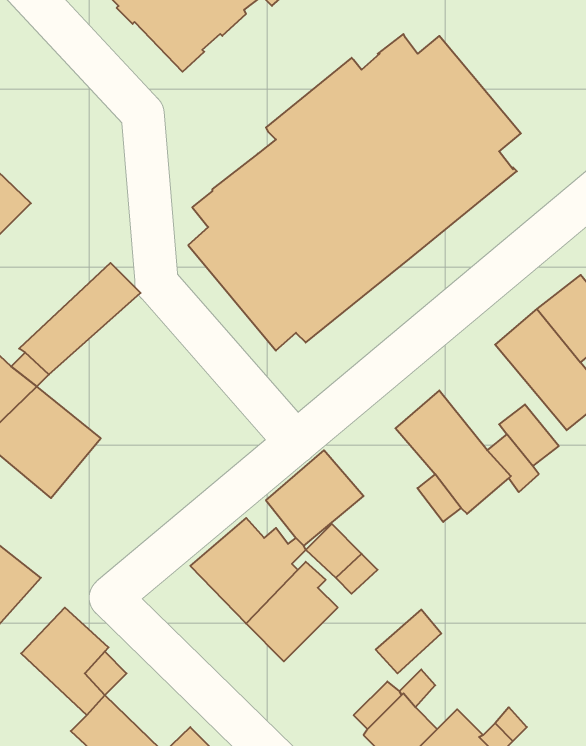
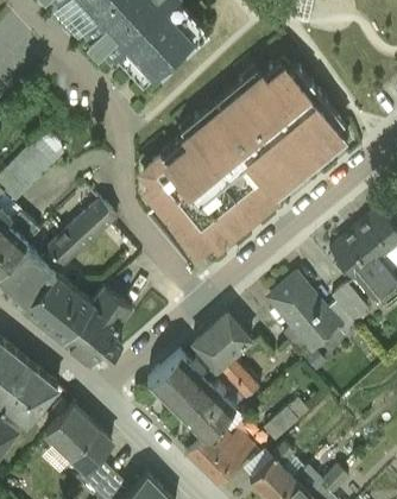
building: none -> [63,286,131,359]
building: none -> [187,416,253,480]

